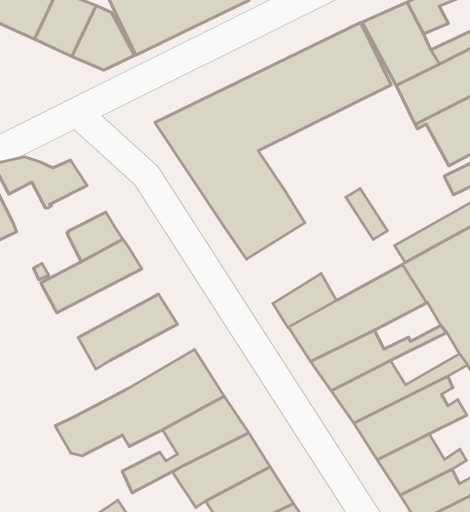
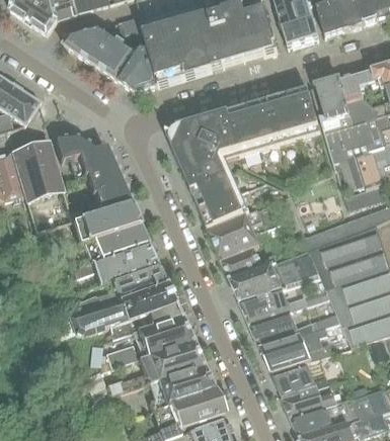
building: none -> [86,163,123,192]
building: none -> [207,207,262,259]
building: none -> [83,223,148,260]
building: none -> [77,262,165,311]

